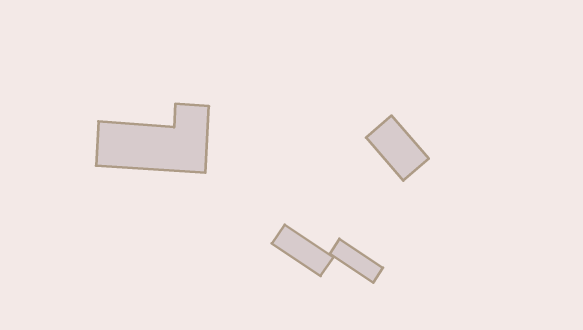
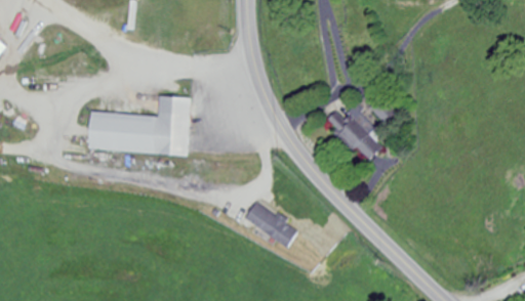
building: [330,239,383,283] -> none

